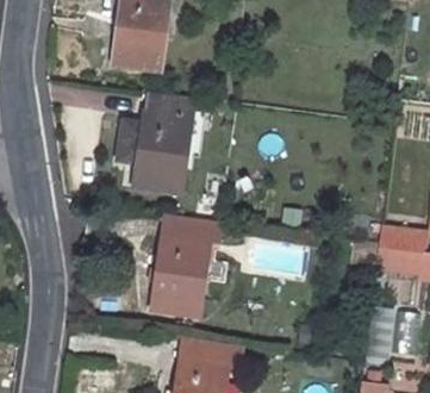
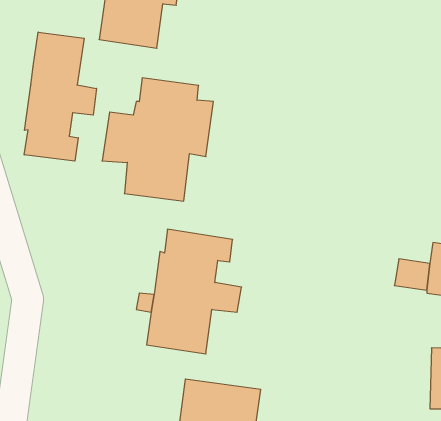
building: none -> [24,32,96,161]

